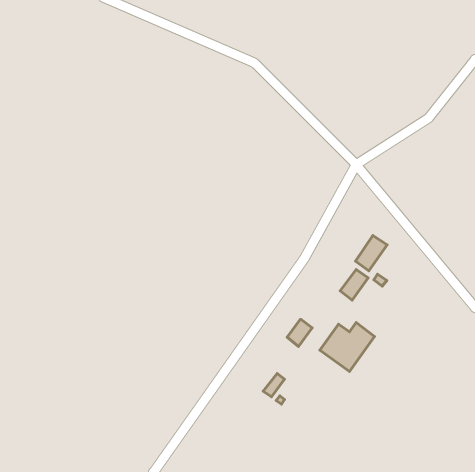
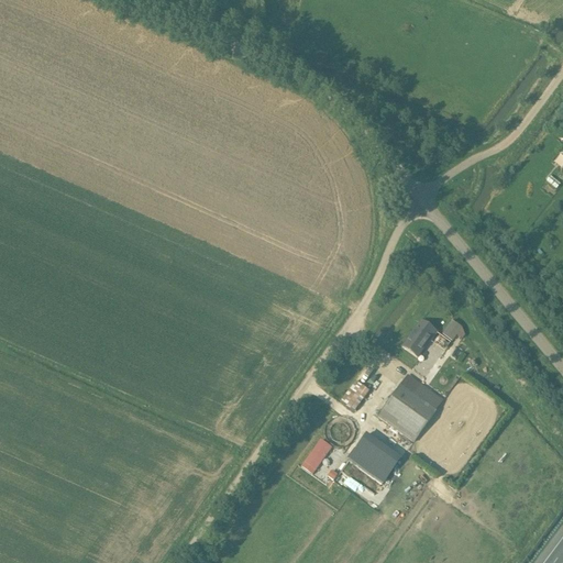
building: [356,236,387,271] -> none
building: none -> [344,431,397,481]

